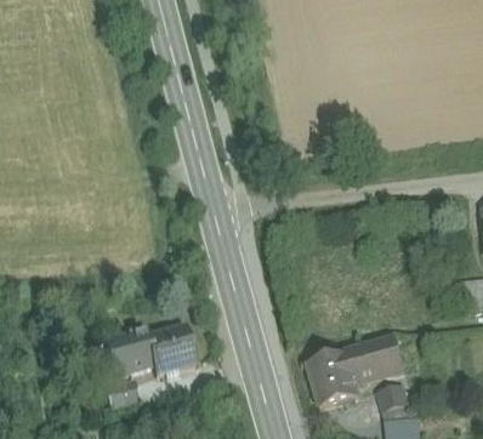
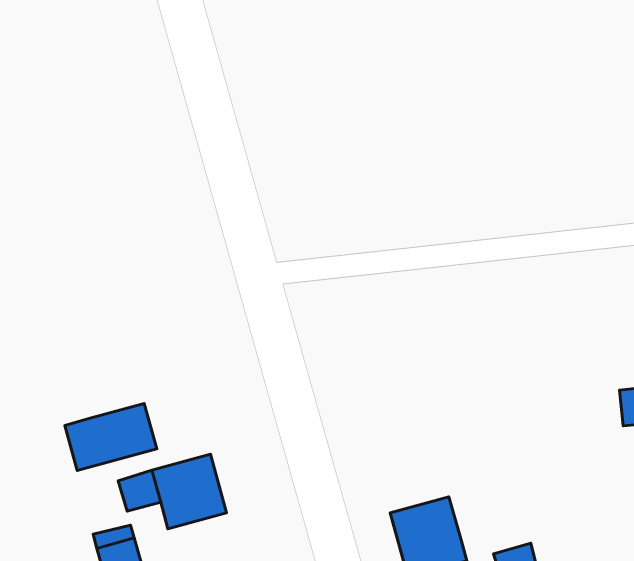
building: none -> [65,404,157,471]
building: [345,338,403,382] -> none

